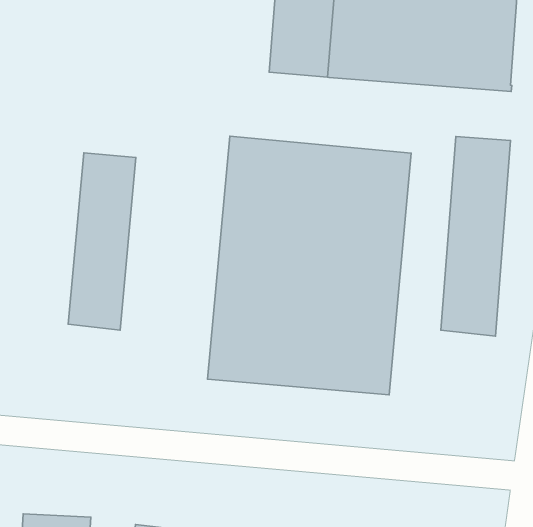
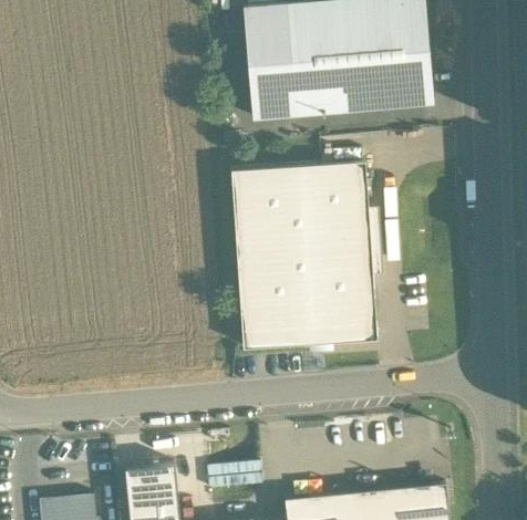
building: [441,137,510,336] -> none
building: [68,153,136,330] -> none

